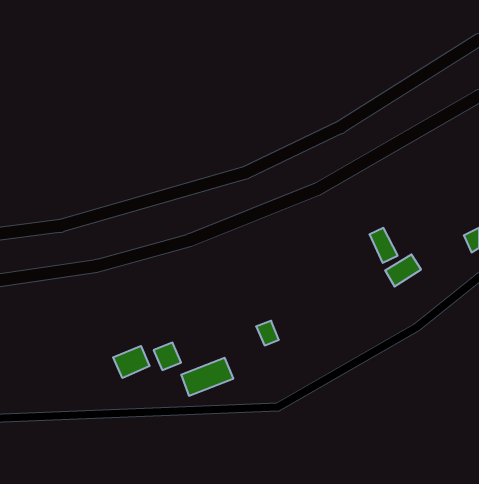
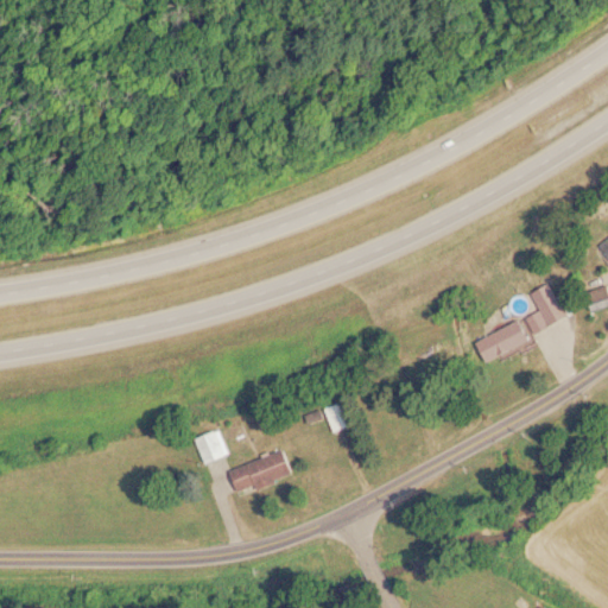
building: [369,228,398,263] -> [528,285,564,329]
building: [113,346,150,378] -> none

